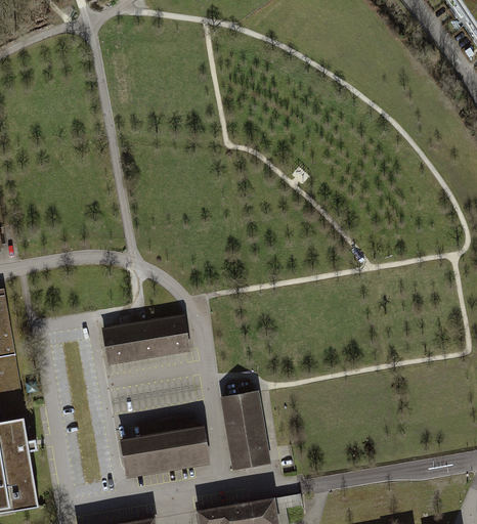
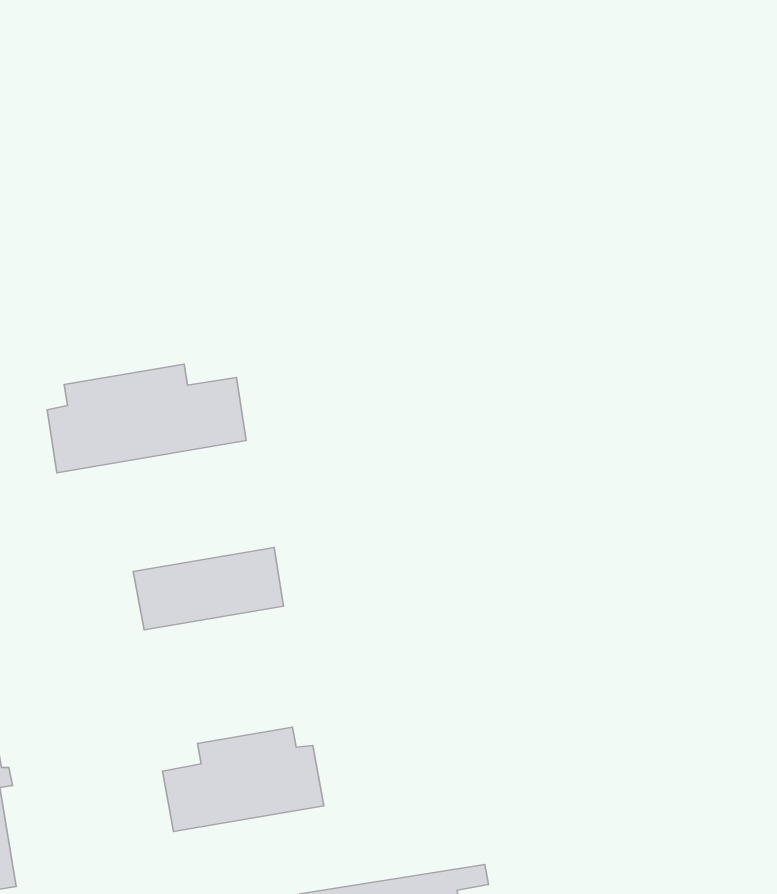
building: none -> [47,364,246,473]
building: [220,392,269,469] -> none

